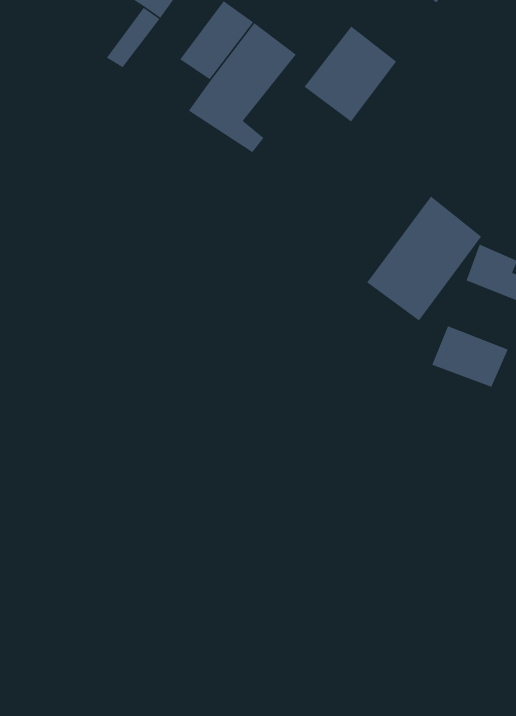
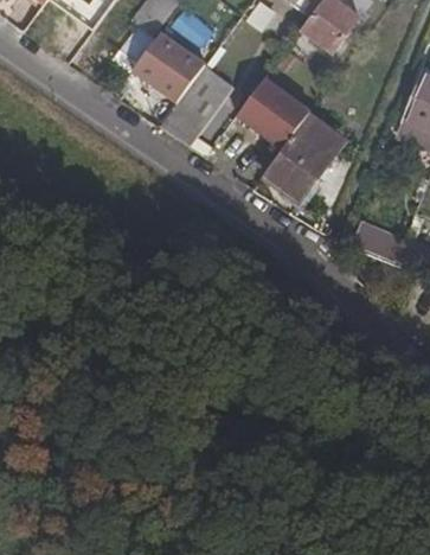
building: [366,196,482,322] -> [265,113,346,200]
building: [431,325,509,388] -> none

